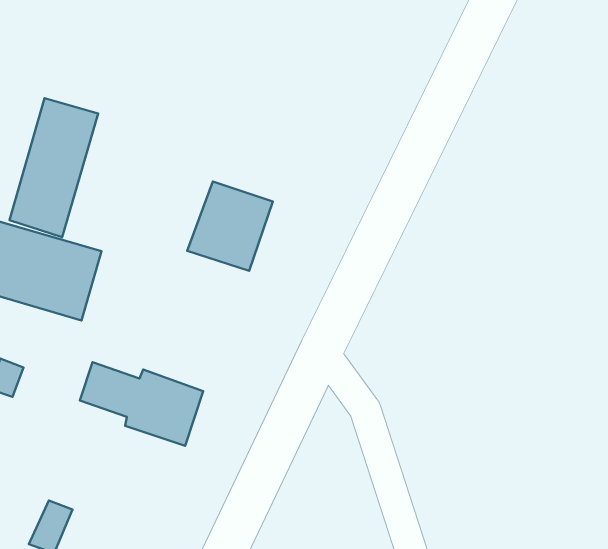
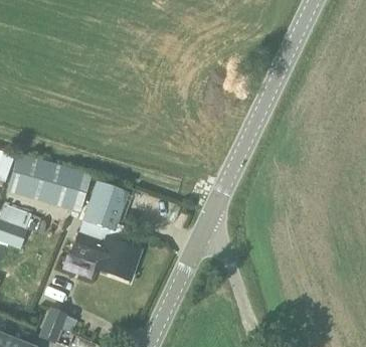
building: [9,98,98,237] -> none
building: [187,182,273,271] -> [82,181,130,230]

